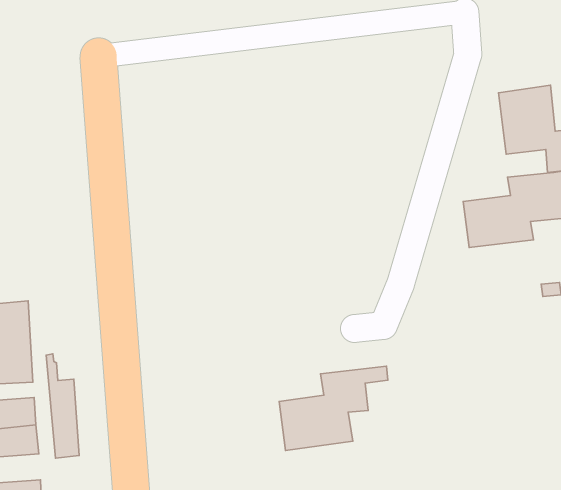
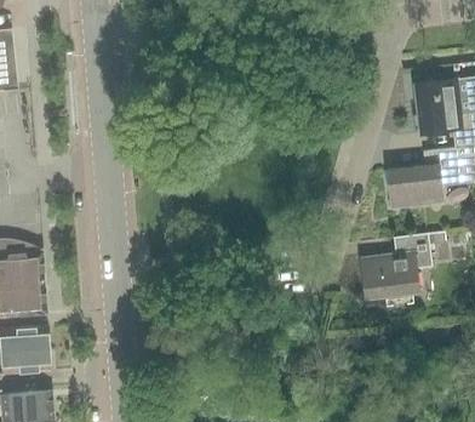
building: [46,354,79,458] -> none
building: [279,366,388,450] -> [360,230,446,297]

